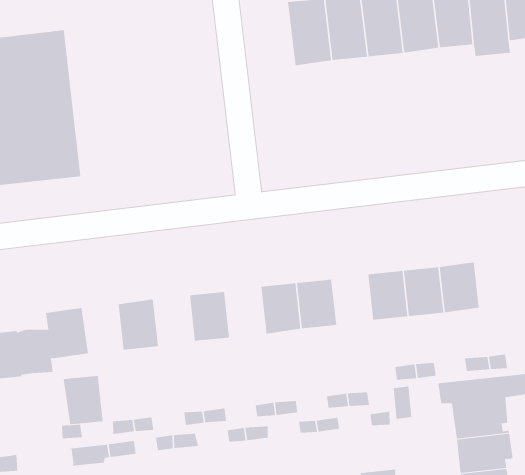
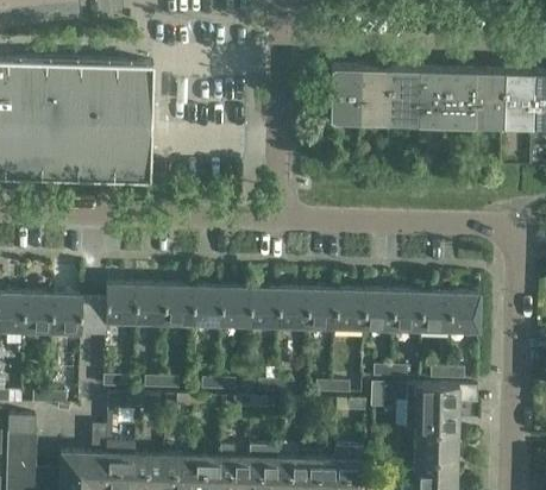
building: none -> [447,295,478,333]
building: none -> [333,293,363,329]
building: none -> [247,290,277,328]
building: none -> [190,288,220,326]
building: [63,375,104,425] -> [134,287,163,325]

